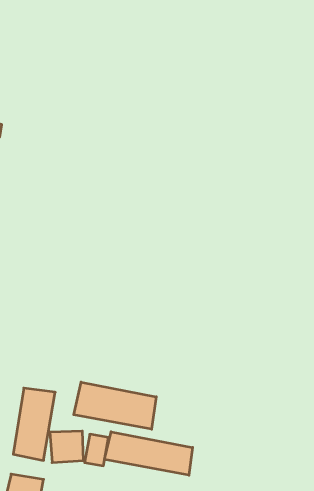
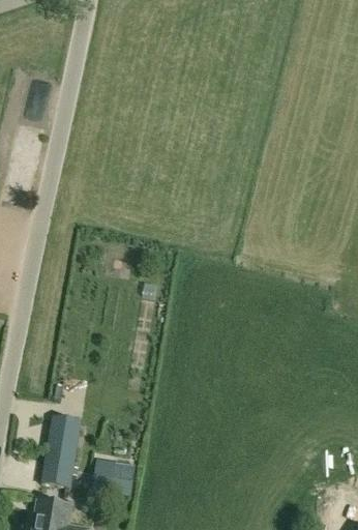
building: [74,382,156,429] -> none
building: [104,432,193,475] -> none

